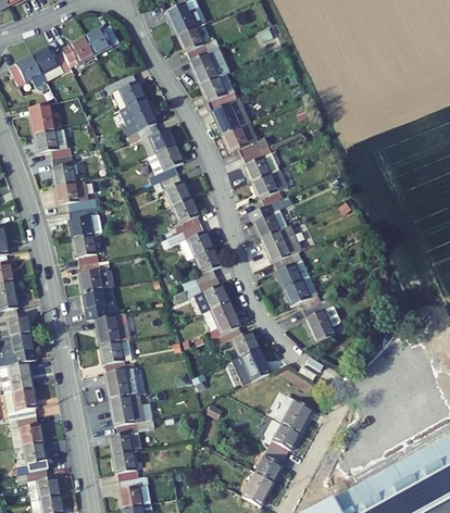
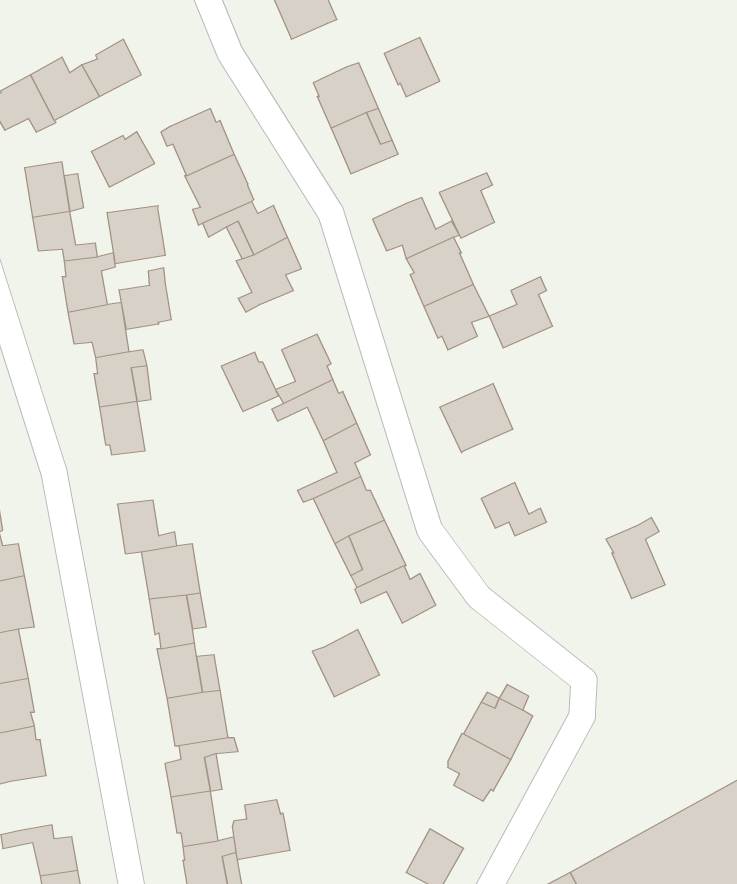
building: [86,26,121,57] -> [91,132,155,187]
building: [178,28,209,61] -> [384,38,440,97]
building: [211,100,241,136] -> [439,173,495,238]
building: none -> [107,206,165,264]
building: none -> [119,268,171,329]
building: [161,175,192,208] -> [221,352,279,412]
building: [252,200,287,239] -> [489,277,553,348]
building: [273,255,301,289] -> none
building: [79,263,102,292] -> none
building: [301,298,334,342] -> [606,517,665,599]
building: [233,348,270,385] -> [312,629,380,697]
building: [24,441,47,472] -> none
building: [254,447,284,481] -> none
building: none -> [233,800,290,860]

